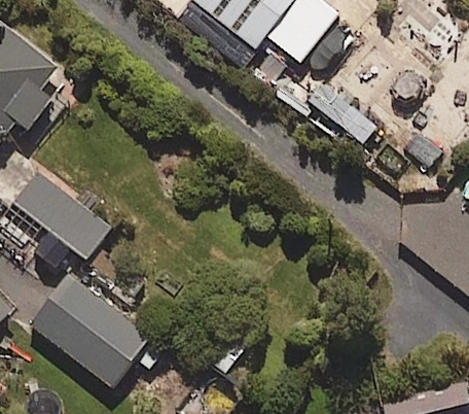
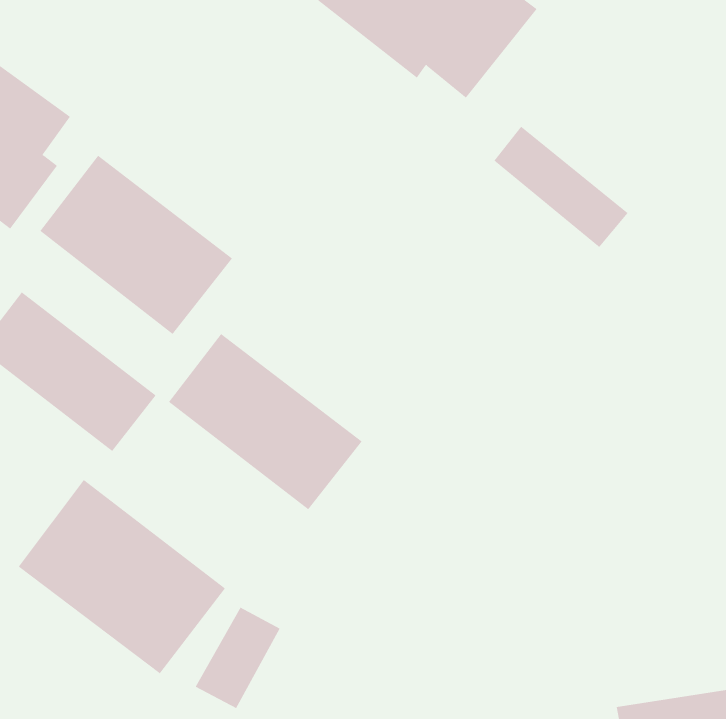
building: none -> [40,155,233,335]
building: none -> [168,333,362,510]

